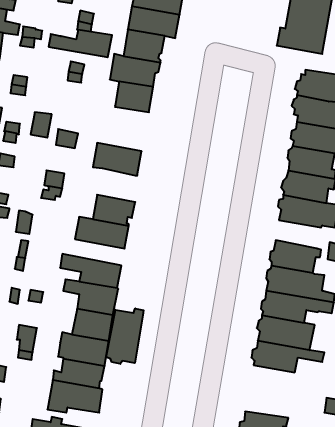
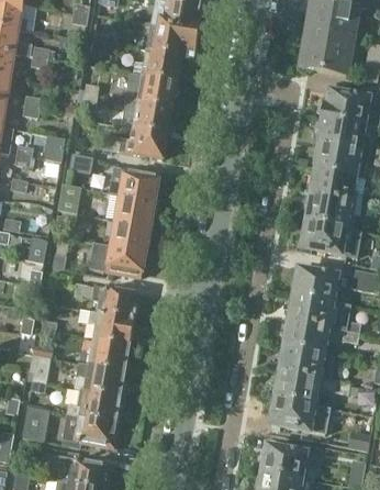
building: [49,30,112,57] -> [100,130,166,158]
building: none -> [112,193,155,229]
building: [106,308,144,364] -> none
building: none -> [269,398,328,433]
building: none -> [22,407,46,442]

